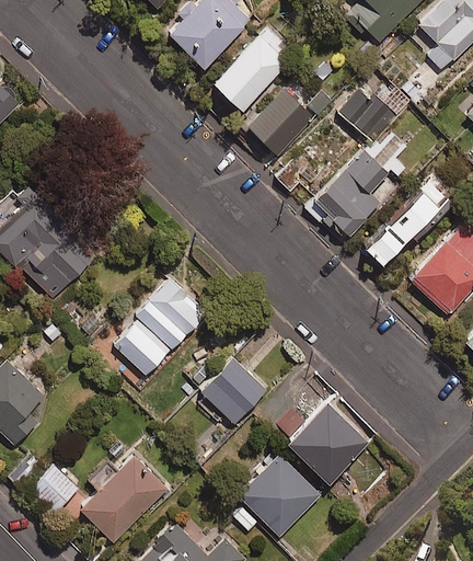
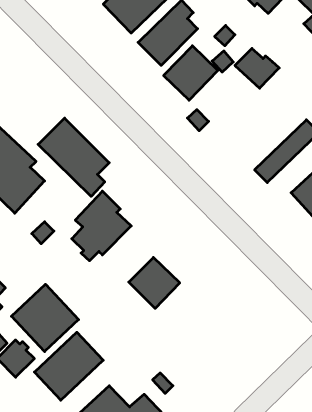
building: [313,150,389,236] -> none
building: none -> [38,118,109,196]
building: none -> [11,284,79,352]
building: [287,401,369,483] -> none
building: [233,449,320,537] -> none

